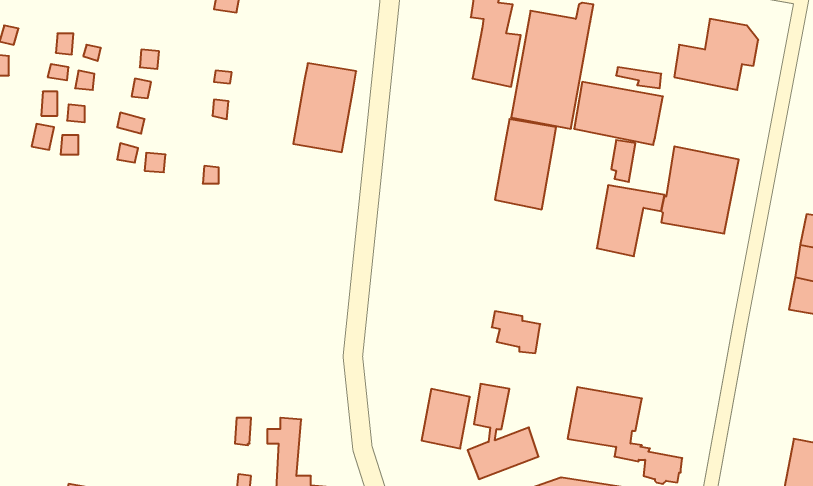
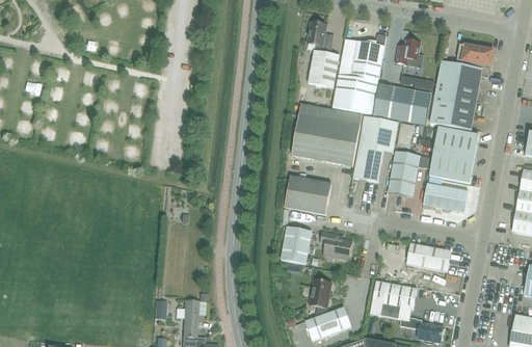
building: none -> [396,39,424,66]
building: [293,63,356,152] -> [292,103,332,160]
building: none -> [430,81,479,130]
building: none -> [353,115,399,182]
building: none -> [285,176,331,214]
building: none -> [424,183,469,212]
building: none -> [407,243,452,271]
building: [422,389,470,449] -> [281,225,312,264]

